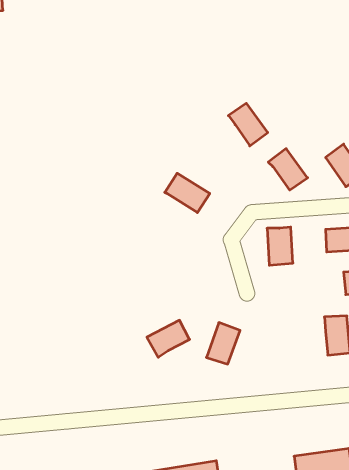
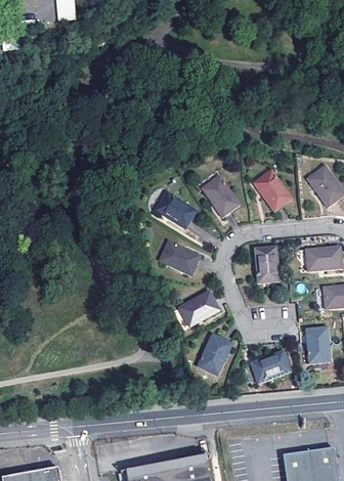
building: [228,103,268,146] -> [205,178,241,217]
building: none -> [165,244,204,277]
building: [147,320,190,357] -> [179,292,218,325]
building: none -> [250,350,289,380]

